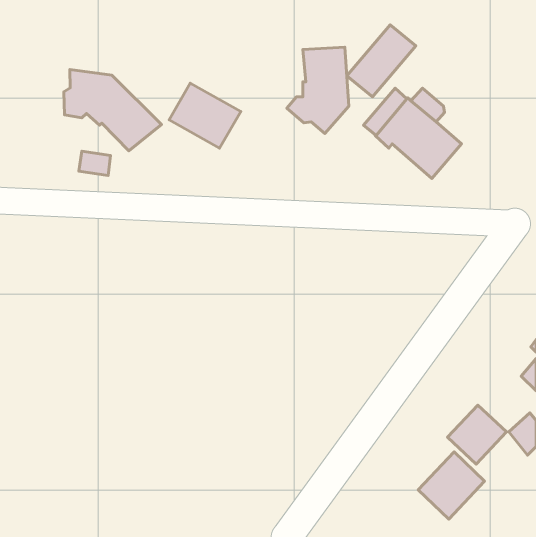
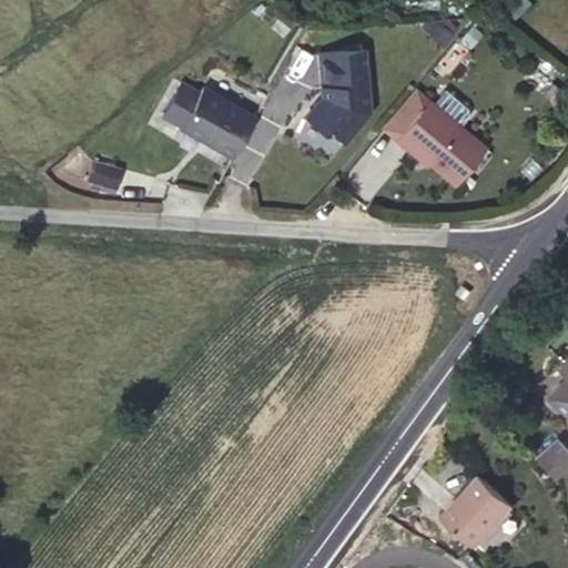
building: [347,25,416,97] -> none
building: [64,70,162,151] -> none
building: [448,405,507,464] -> none

